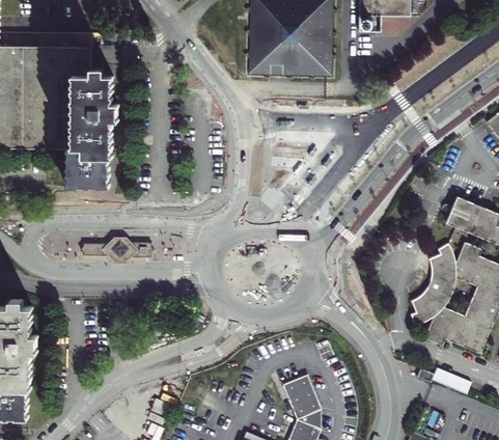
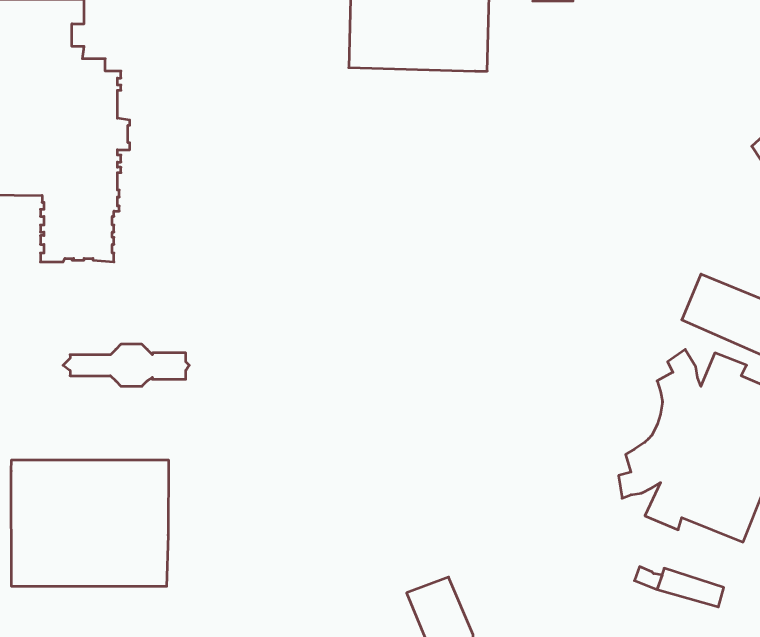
building: none -> [11,460,168,586]

